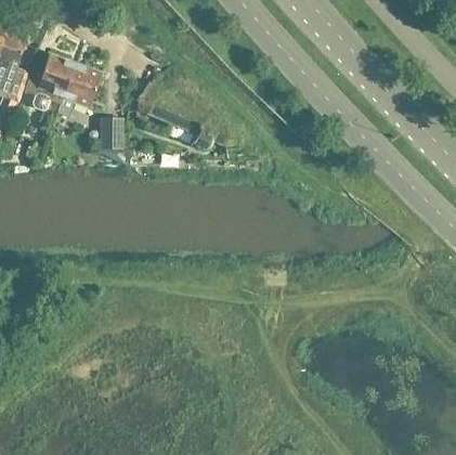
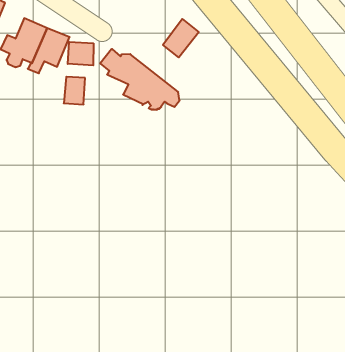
building: none -> [163,19,199,57]
building: none -> [68,42,93,65]

